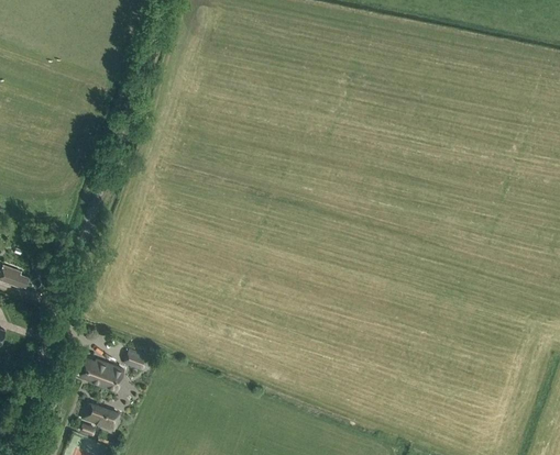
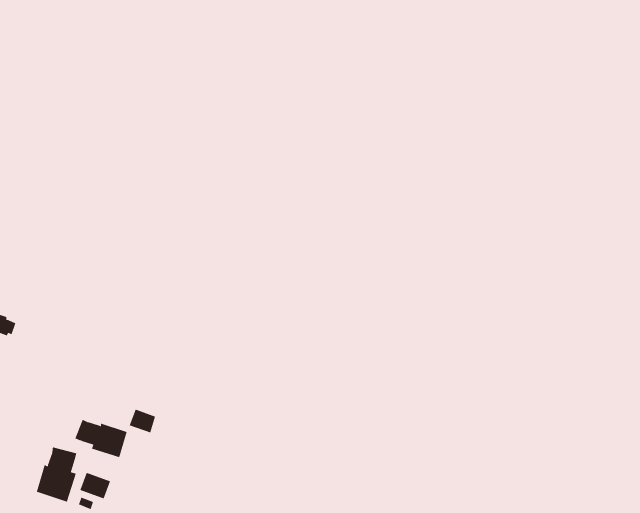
building: none -> [36,447,77,502]

